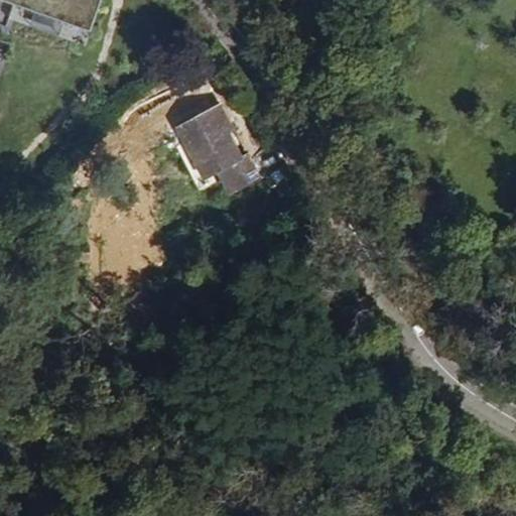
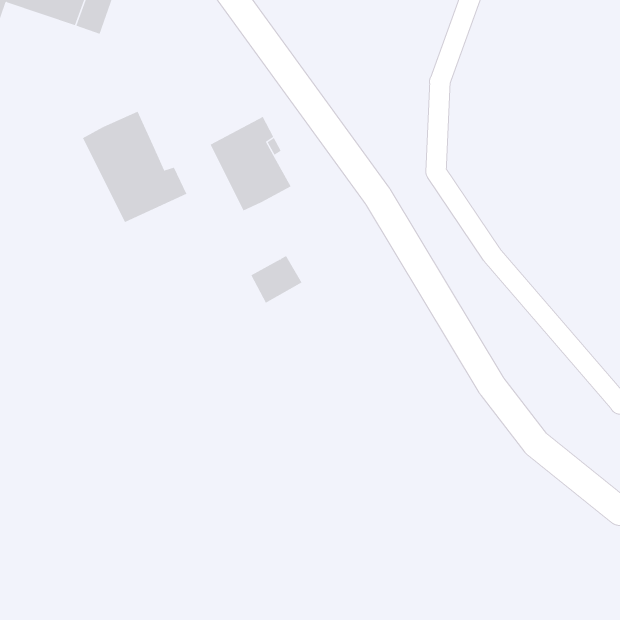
building: none -> [82,111,187,223]
building: [214,149,256,188] -> [251,255,302,303]

